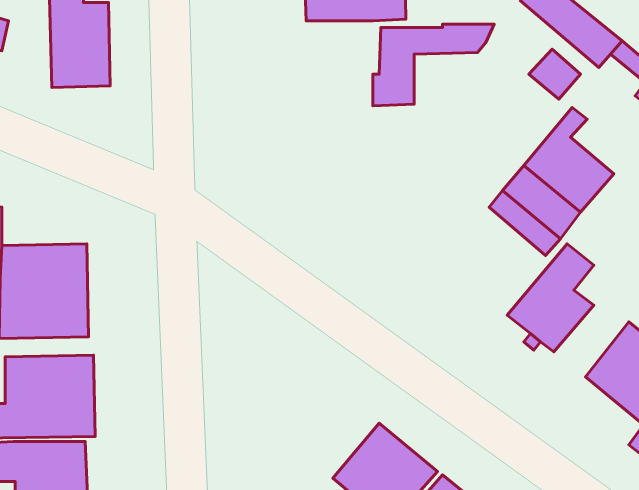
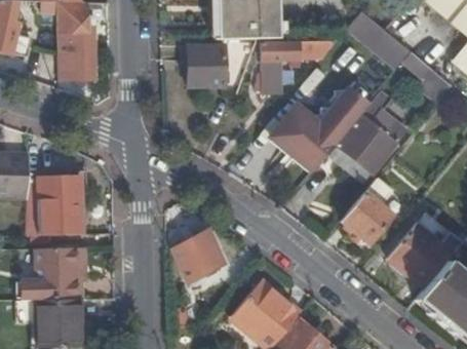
building: none -> [188,45,224,86]
building: none -> [273,92,365,171]
building: none -> [172,229,227,290]

